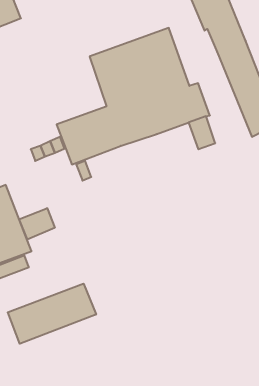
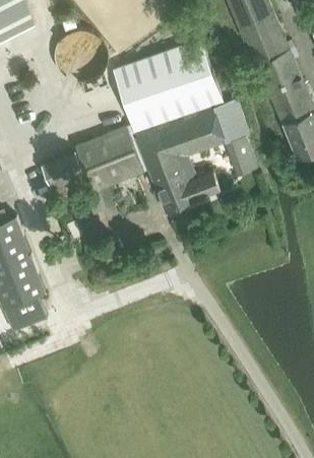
building: none -> [148,158,218,213]
building: [19,208,55,240] -> none
building: [8,284,96,344] -> none

